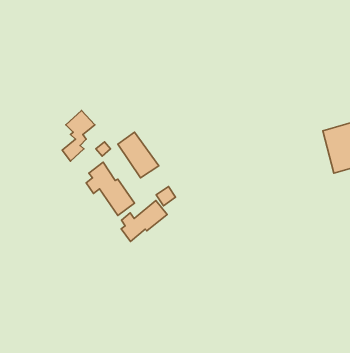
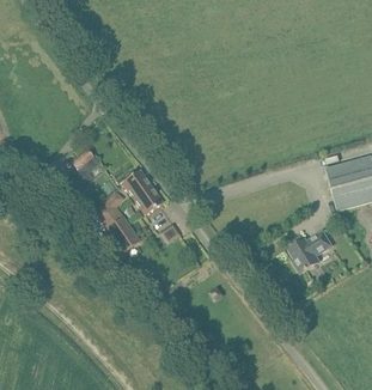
building: none -> [289,230,333,272]
building: [121,200,167,241] -> none

